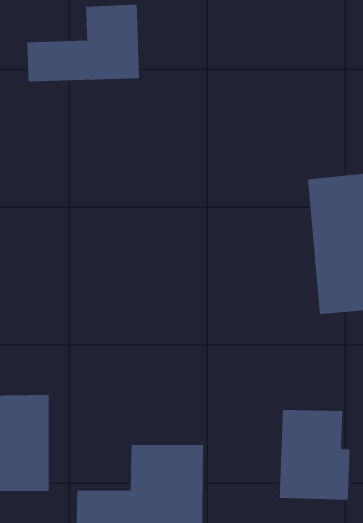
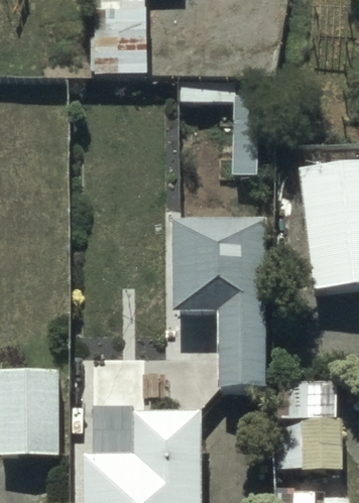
building: none -> [169,219,262,388]

